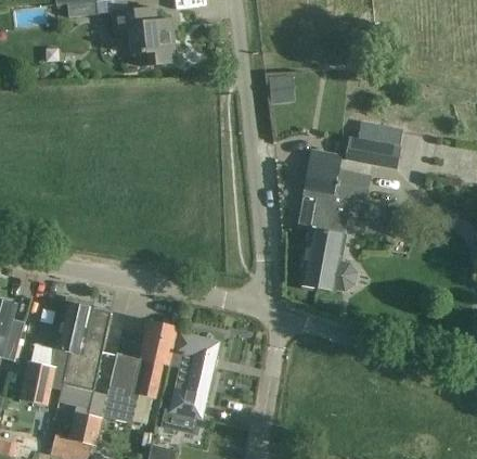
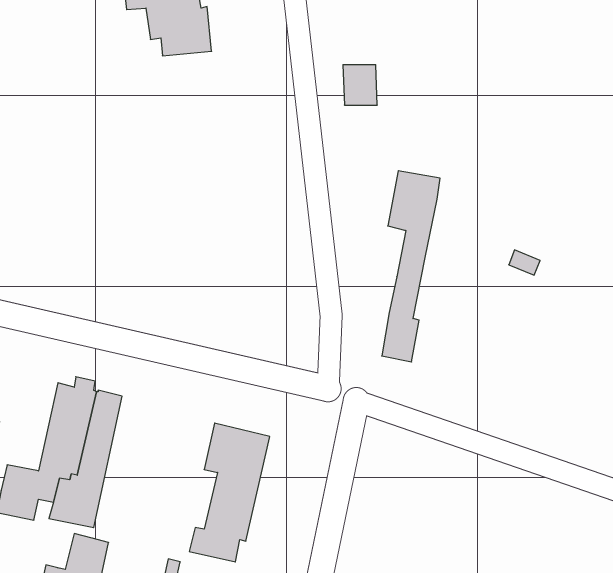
building: [345,120,402,169] -> none
building: [321,169,371,290] -> none
building: [102,321,177,423] -> none

